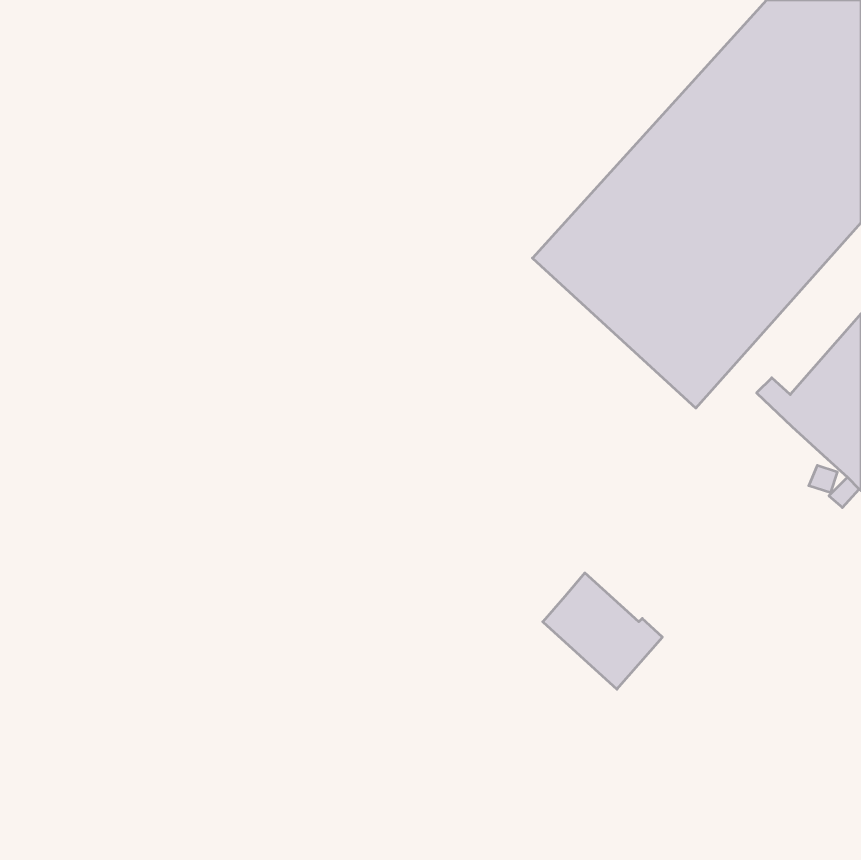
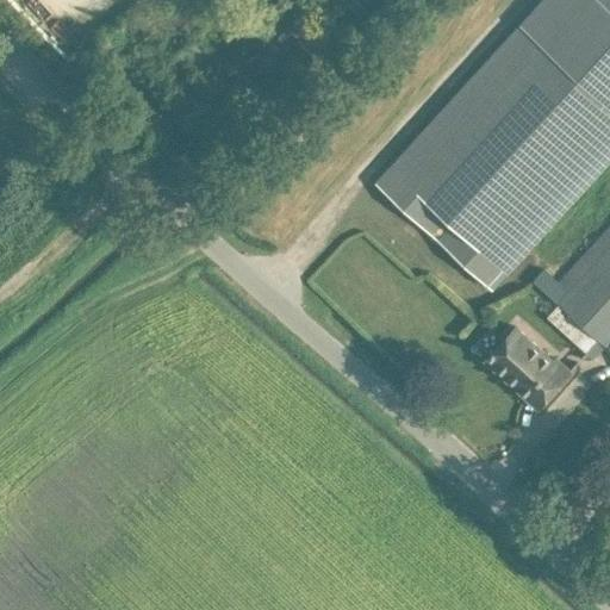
building: [543,573,662,689] -> [486,326,571,409]

